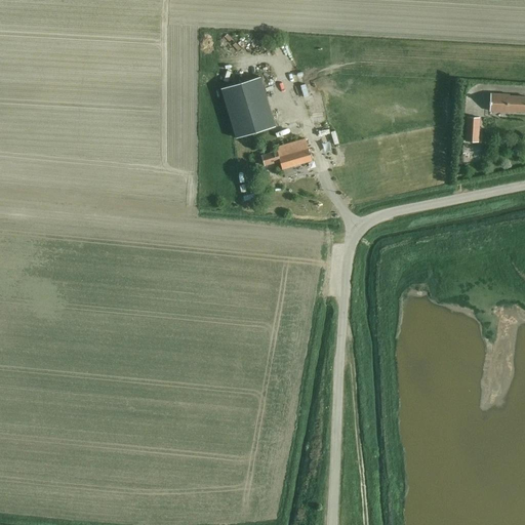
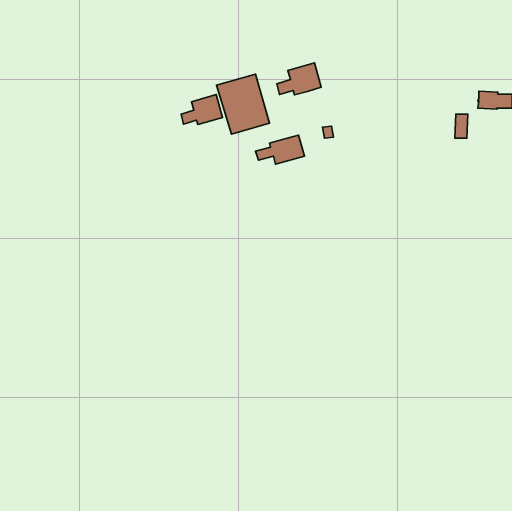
building: none -> [277,63,321,95]
building: none -> [181,95,222,124]

